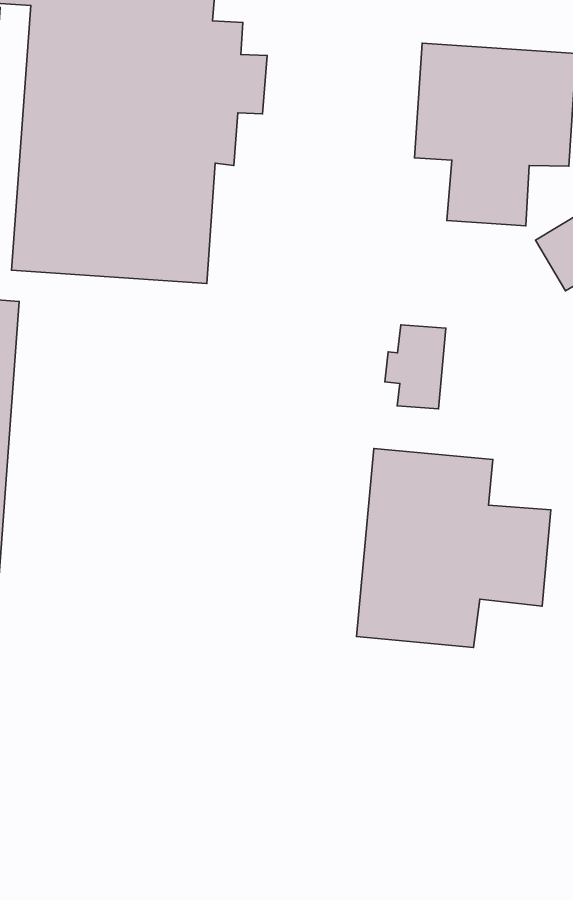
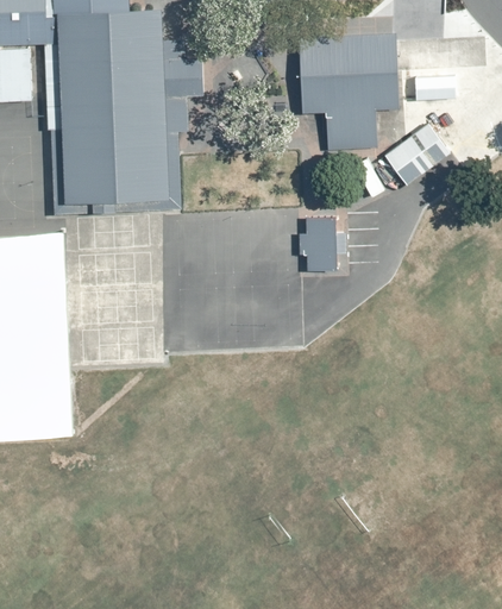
building: [357,448,551,647] -> none

